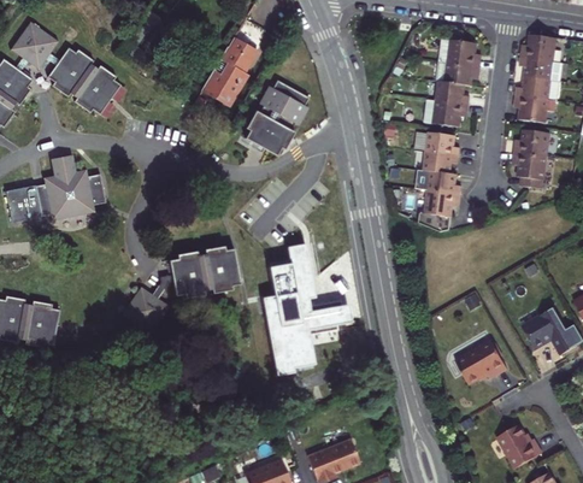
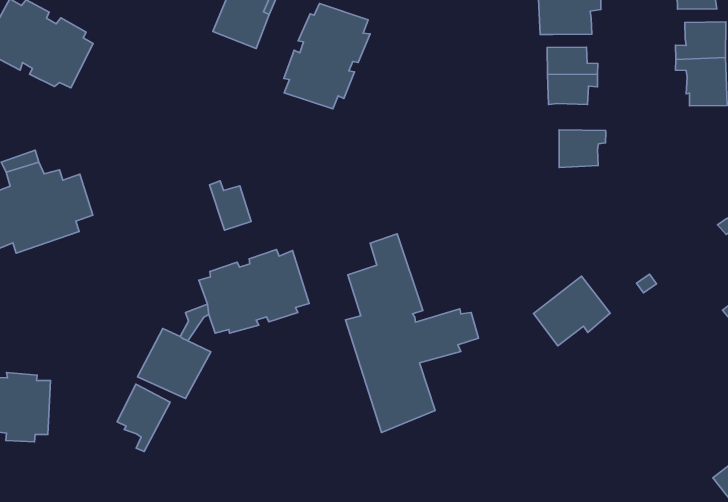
building: [426,171,459,194] -> none
building: none -> [210,181,251,230]
building: none -> [117,384,170,452]
building: [454,341,506,385] -> [533,276,610,346]

